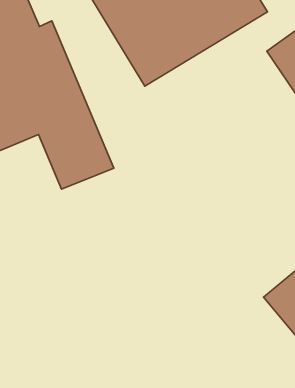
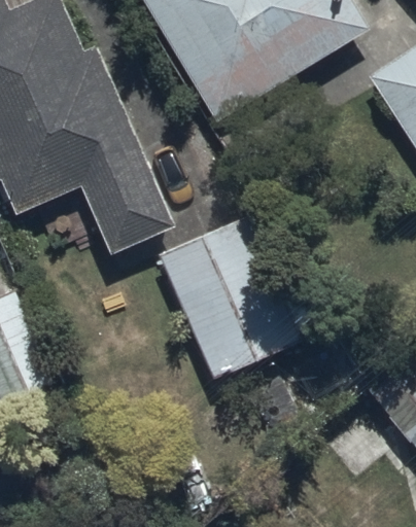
building: none -> [157,214,301,379]

